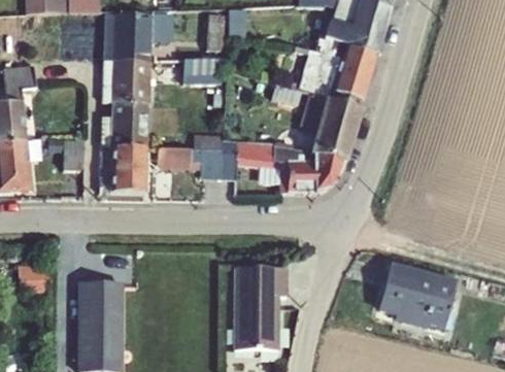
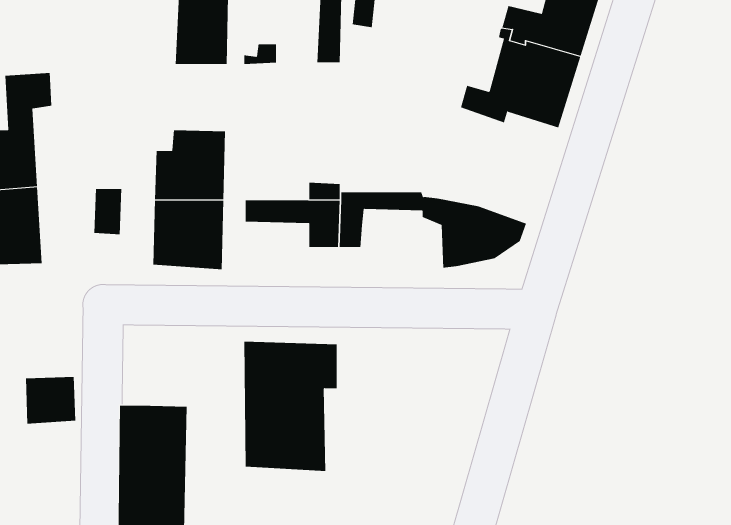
building: [183,59,222,83] -> none
building: [113,60,148,103] -> none
building: [311,91,363,163] -> none
building: [236,154,288,193] -> none
building: [377,263,459,332] -> none
building: [227,266,288,350] -> [243,341,337,472]

